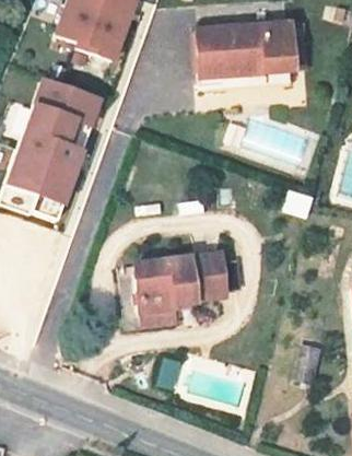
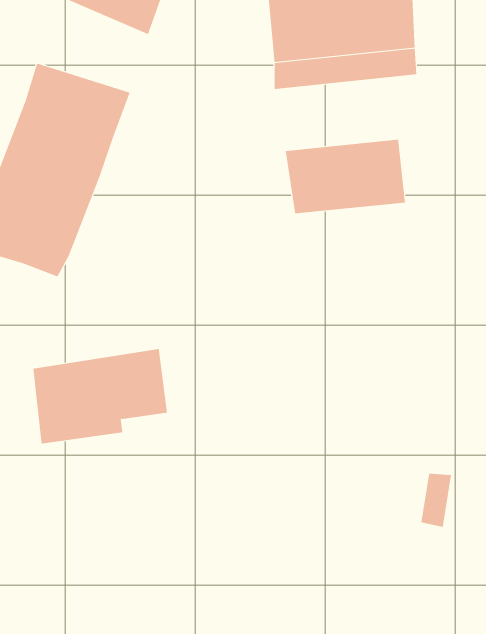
building: none -> [285,139,406,214]
building: [138,256,227,319] -> [33,349,168,444]

